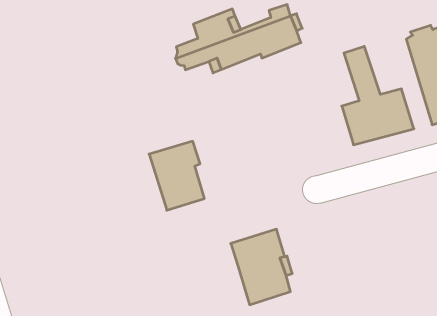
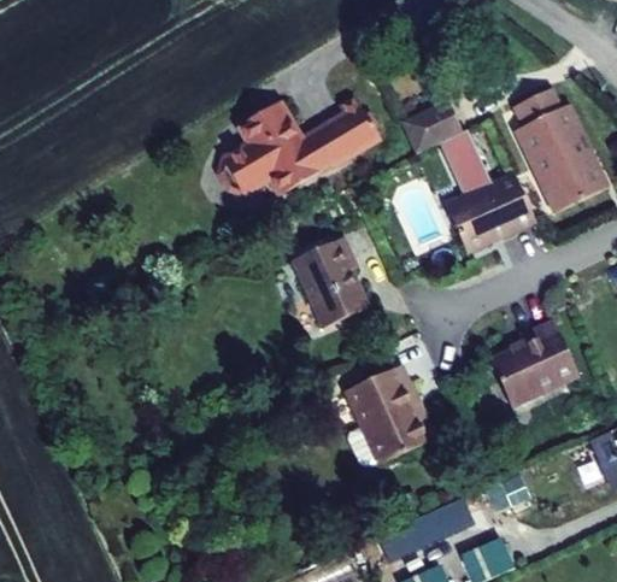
building: none -> [407,94,469,148]
building: [149,141,204,210] -> [292,236,369,327]
building: none -> [481,329,565,408]

